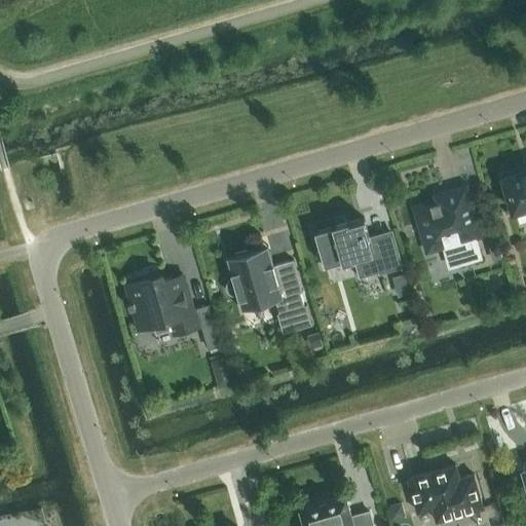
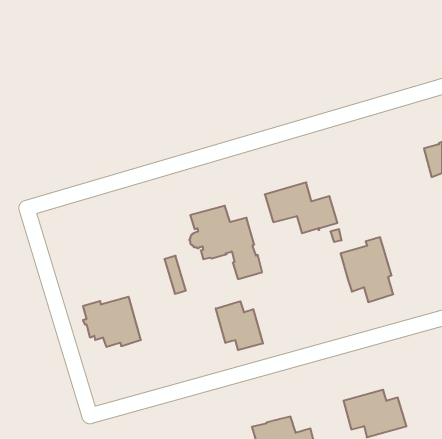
building: [417,191,480,268] -> [340,237,393,302]
building: [128,276,197,336] -> [83,297,141,347]
building: none -> [216,301,263,350]

